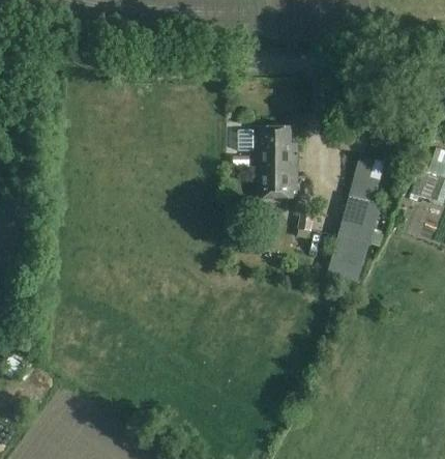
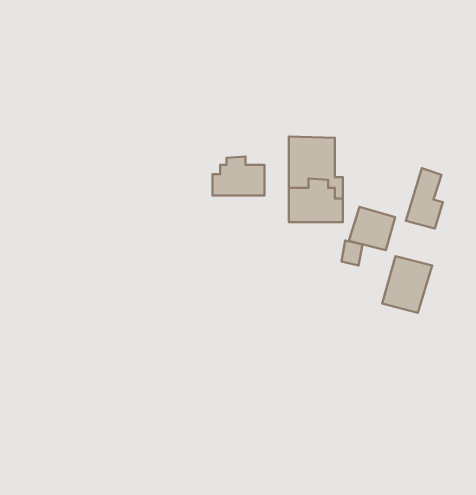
building: none -> [213,157,264,195]
building: [340,198,377,232] -> [349,207,395,250]

